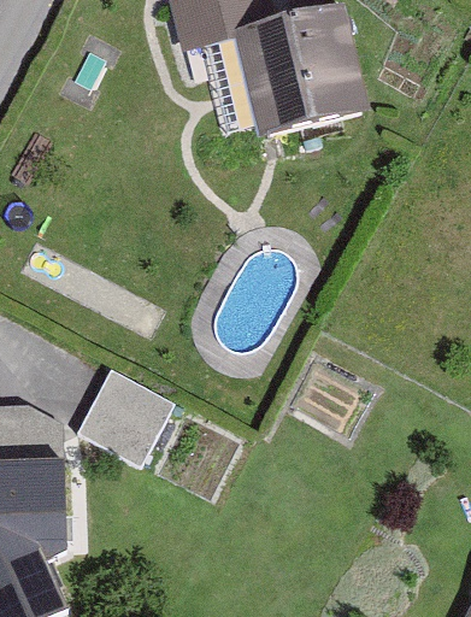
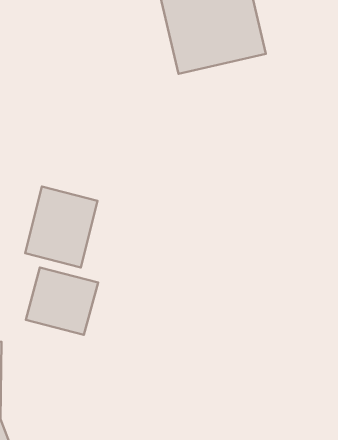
building: none -> [25,186,98,268]

